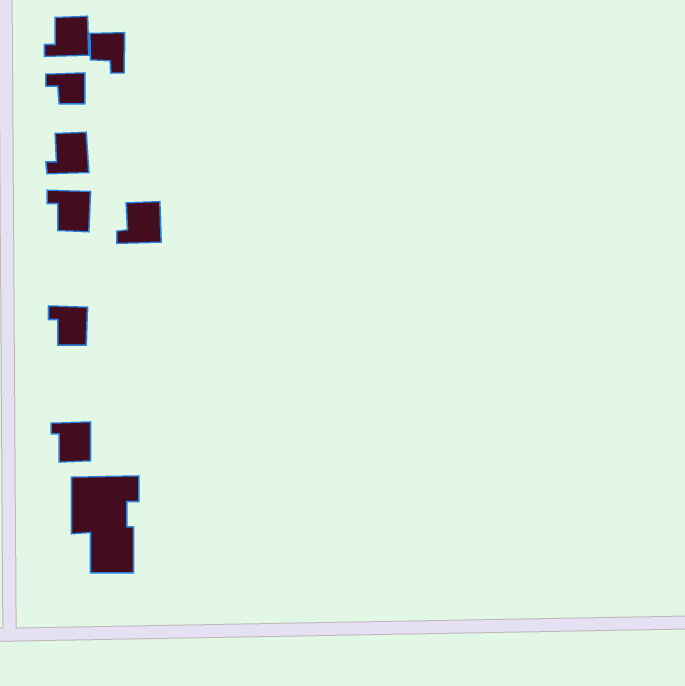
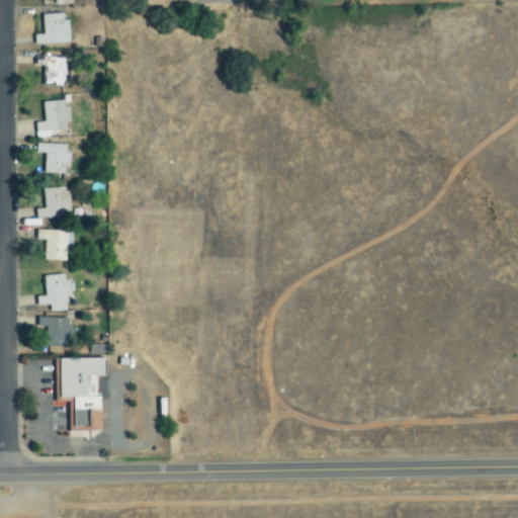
building: [90,32,125,73] -> none
building: [117,202,161,243] -> [38,186,72,218]
building: none -> [39,274,70,311]

